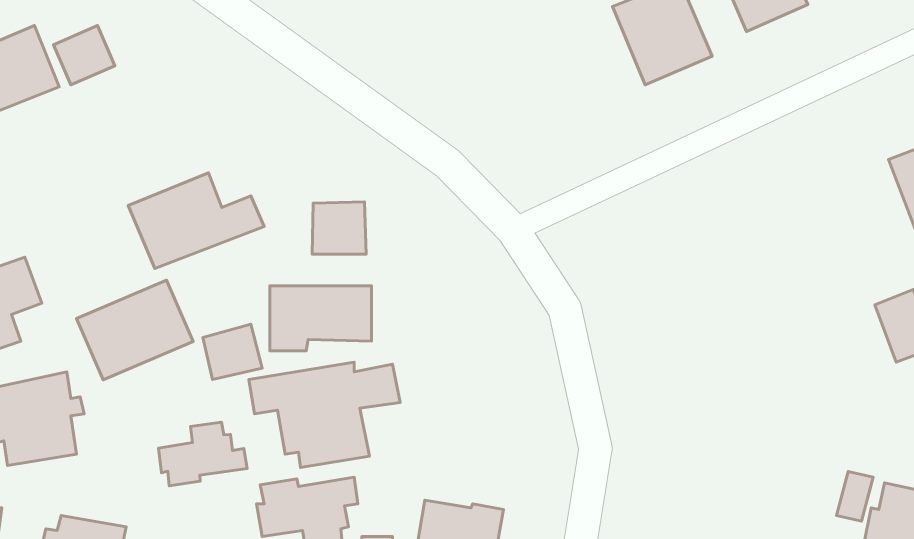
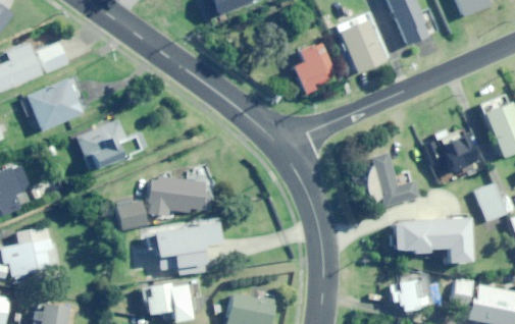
building: none -> [292,42,332,94]
building: none -> [422,132,477,172]
building: [312,202,366,254] -> none
building: none -> [369,154,419,206]
building: [76,280,193,380] -> [28,77,90,130]
building: none -> [391,218,472,262]
building: [158,422,247,486] -> none
building: none -> [397,276,433,311]

